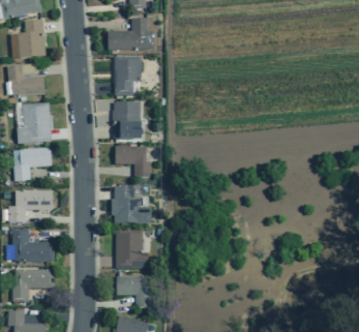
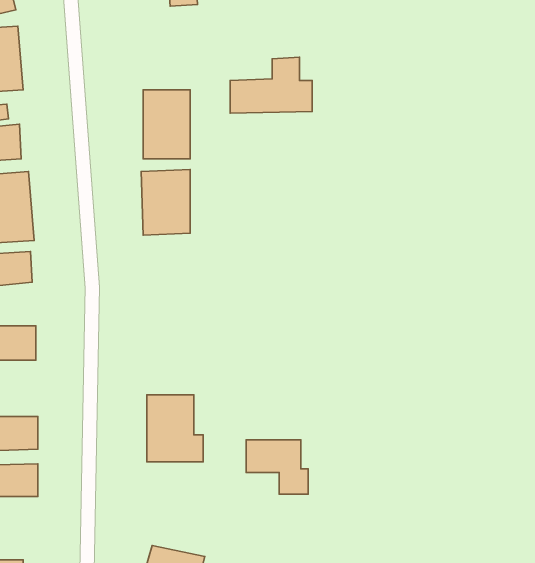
building: [108,18,154,50] -> [230,57,312,113]
building: [115,146,150,176] -> none
building: [111,186,151,223] -> none
building: [116,276,151,307] -> [246,440,308,494]

